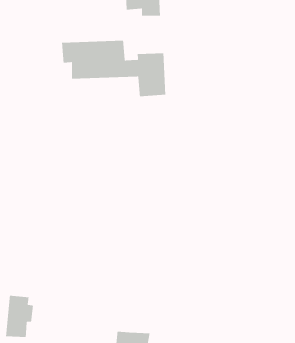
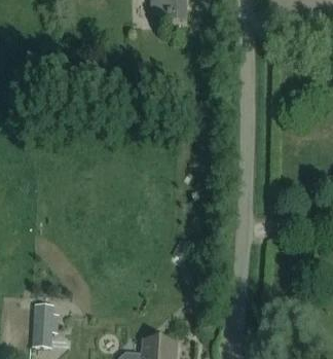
building: [61,40,166,97] -> none

